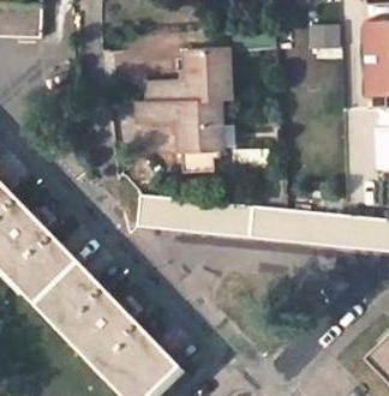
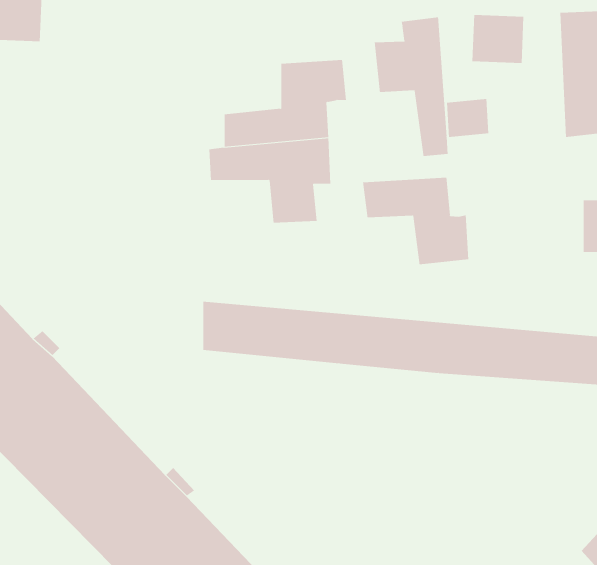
building: none -> [374,17,448,157]
building: none -> [363,177,469,265]

